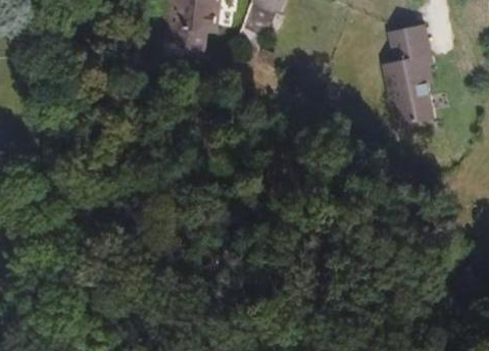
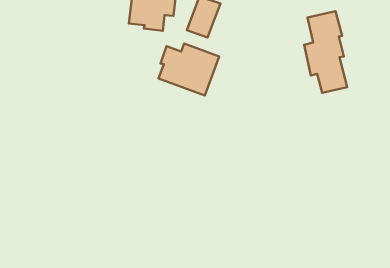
building: none -> [158,43,219,95]

